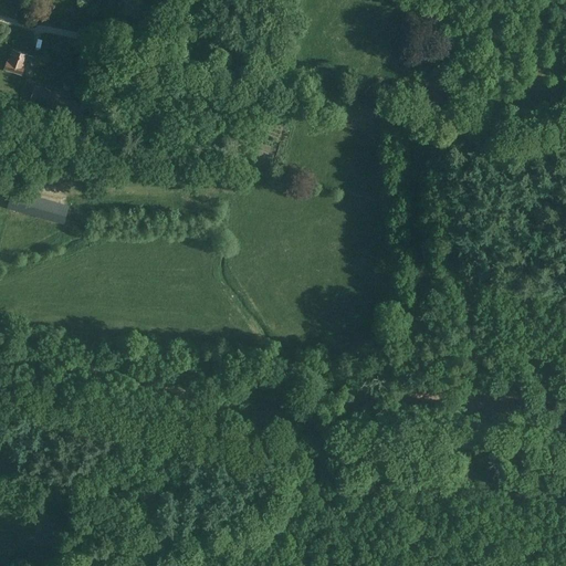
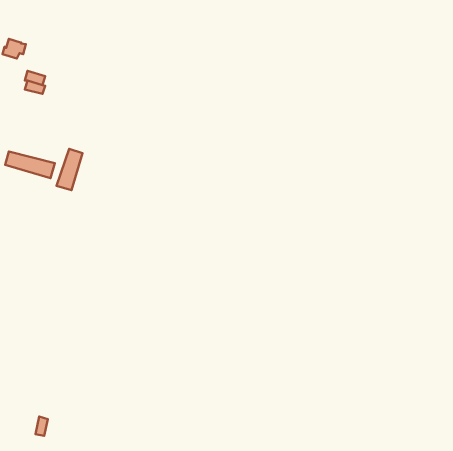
building: none -> [56,149,82,190]

